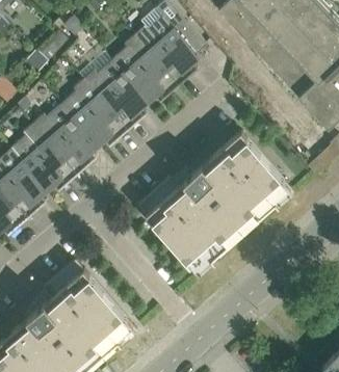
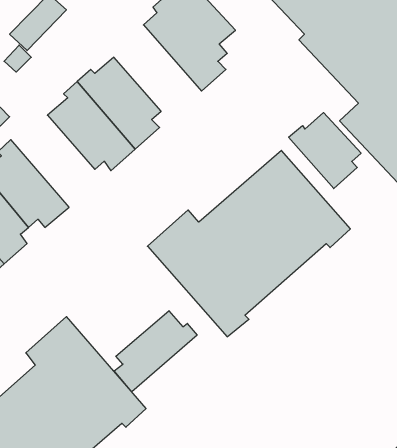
building: [109,35,177,103] -> none
building: none -> [289,113,361,189]
building: [30,105,95,176] -> none
building: none -> [114,311,197,392]

